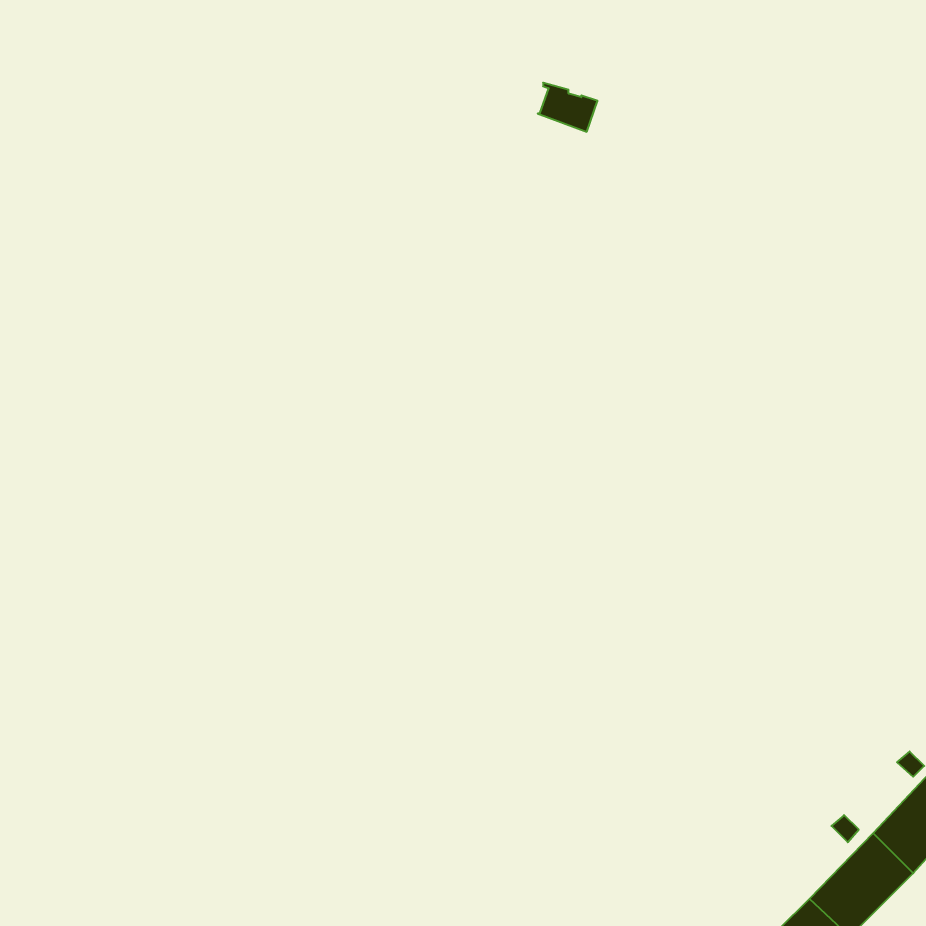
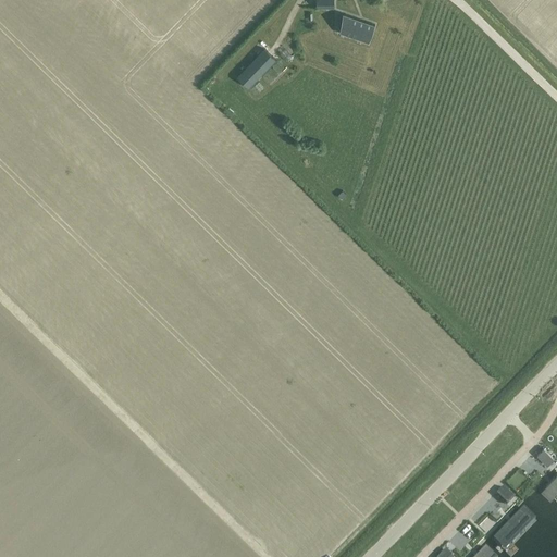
building: none -> [239,51,277,89]
building: [538,83,598,132] -> [342,16,377,46]

